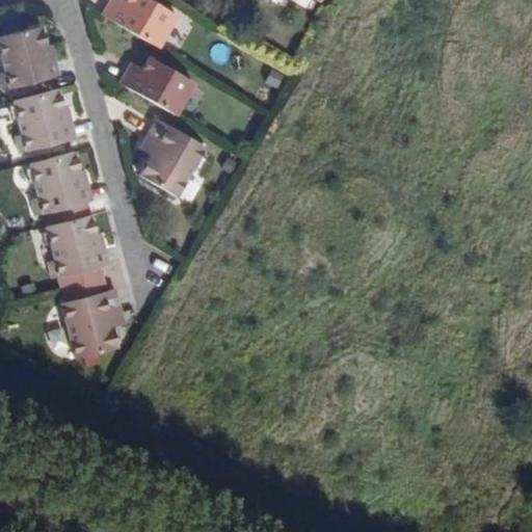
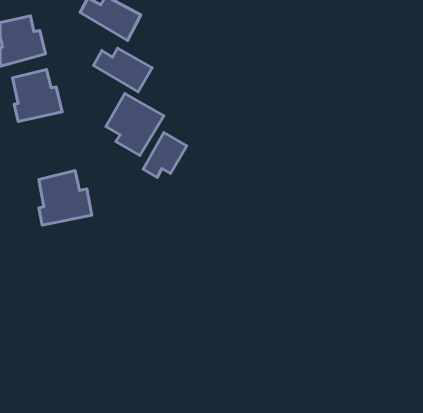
building: [30,153,96,217] -> none
building: none -> [143,132,187,177]
building: [57,292,123,361] -> none

